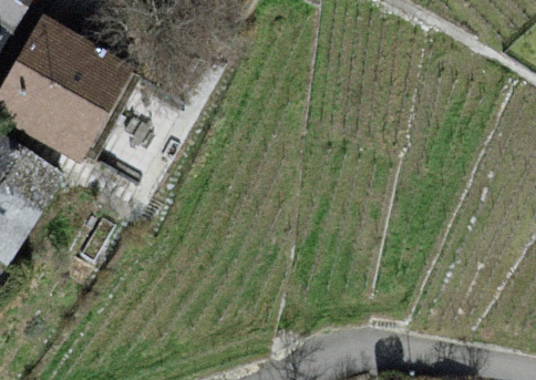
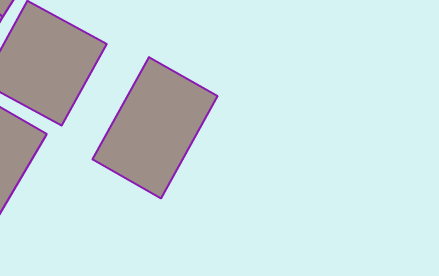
building: none -> [93,57,217,198]

